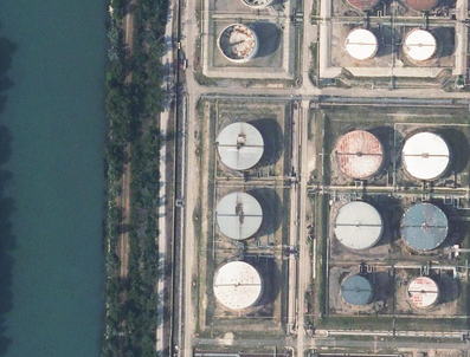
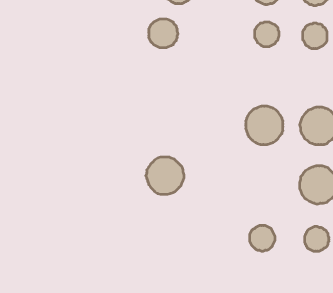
building: [217,121,265,168] -> none
building: [335,201,382,248] -> none
building: [217,260,262,306] -> none

